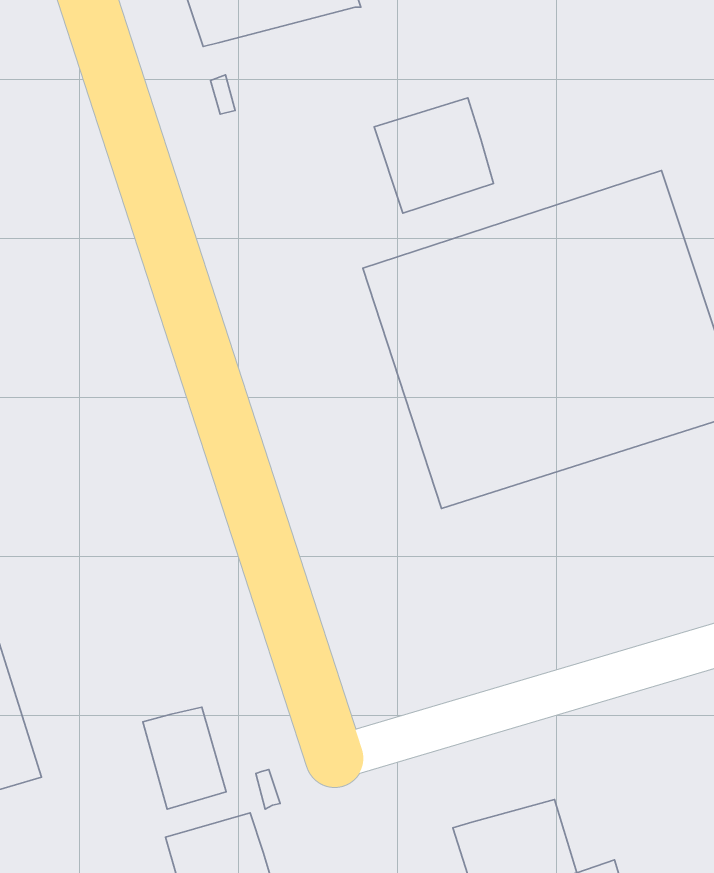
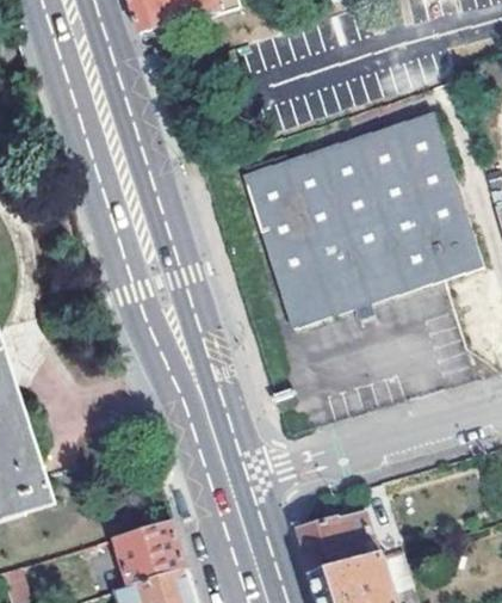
building: [374,98,494,213] -> none
building: [143,707,226,809] -> none

